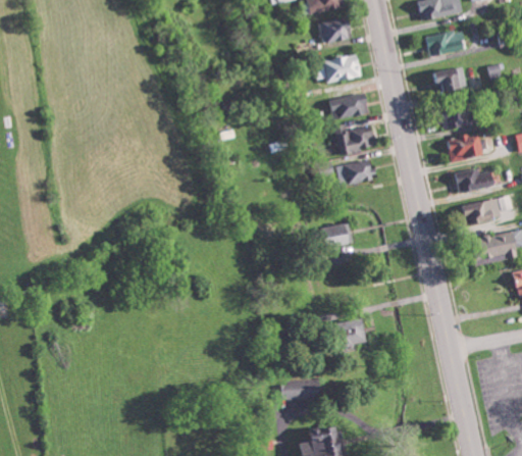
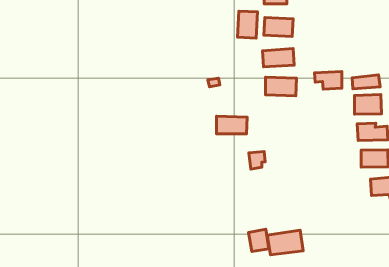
building: [424,30,465,56] -> none
building: none -> [237,11,258,38]
building: [430,66,466,91] -> [315,72,342,89]
building: [334,160,374,186] -> [216,116,247,134]
building: none -> [267,230,303,255]

